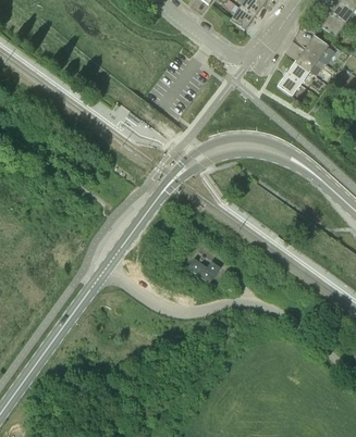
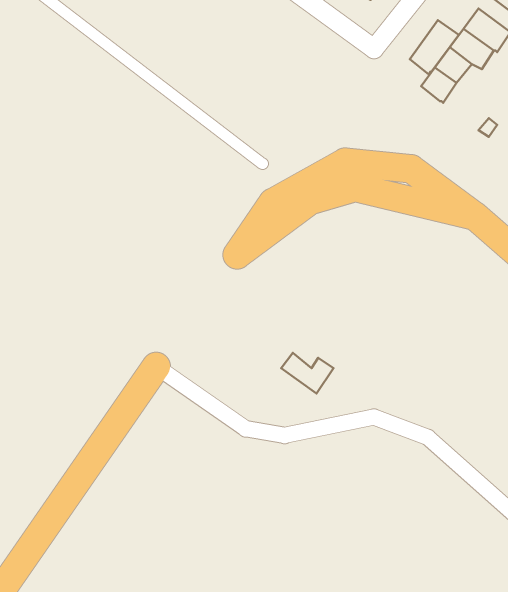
building: none -> [410,20,459,75]

